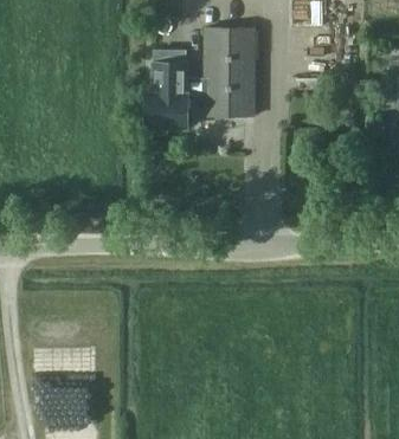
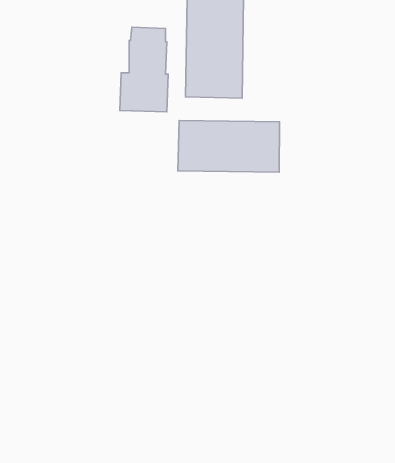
building: none -> [178,121,279,172]

